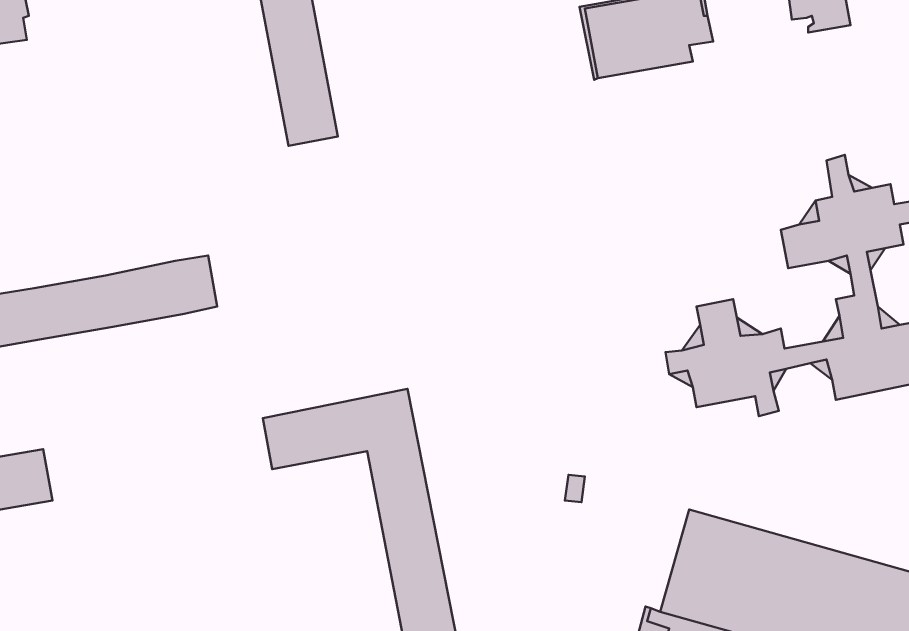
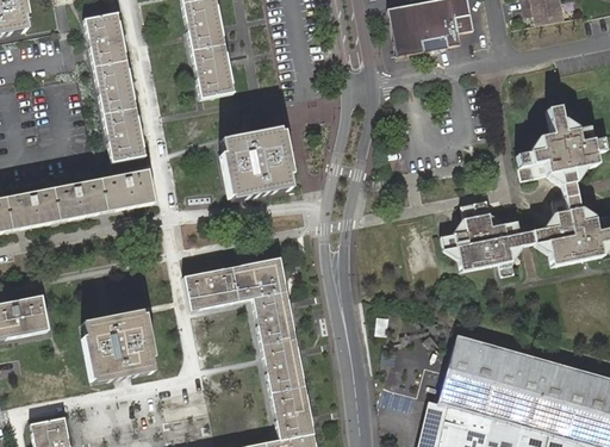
building: none -> [82,13,143,161]
building: none -> [223,125,294,197]
building: none -> [83,310,156,381]

